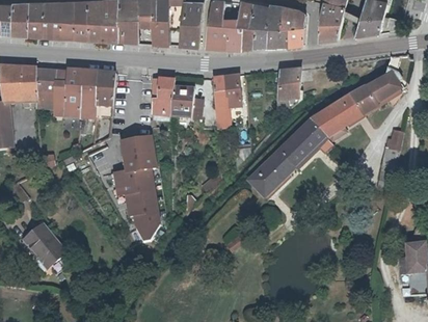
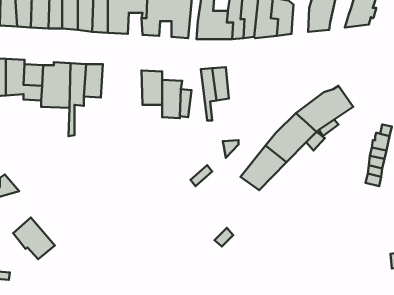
building: [348,55,398,114] -> none
building: [274,68,299,100] -> none
building: [113,137,159,240] -> none

